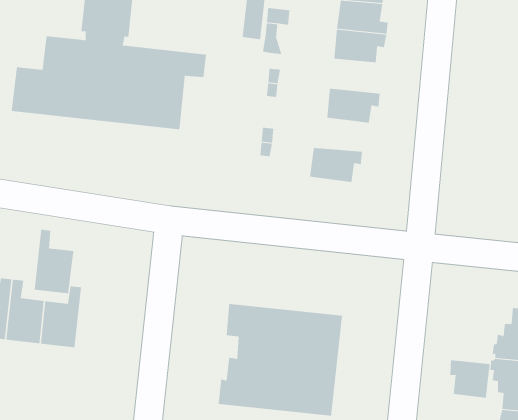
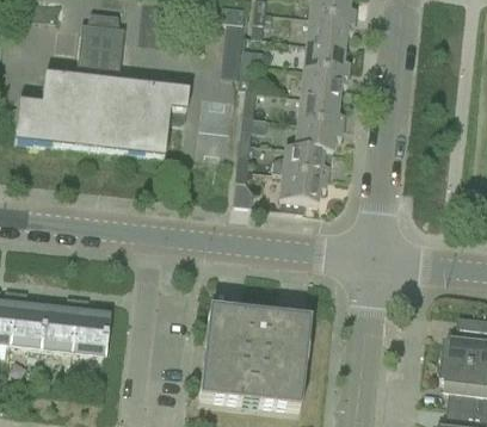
building: none -> [297,93,344,124]
building: none -> [272,144,333,175]
building: [34,229,74,294] -> [72,296,107,353]
building: [450,360,490,398] -> none

